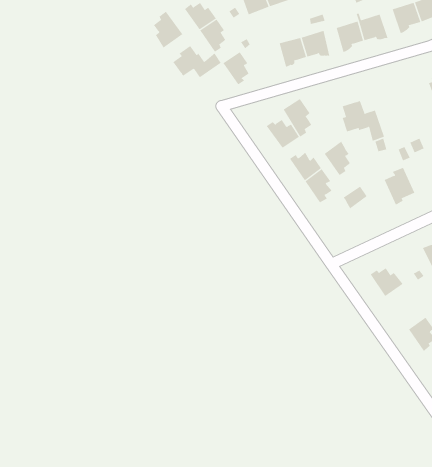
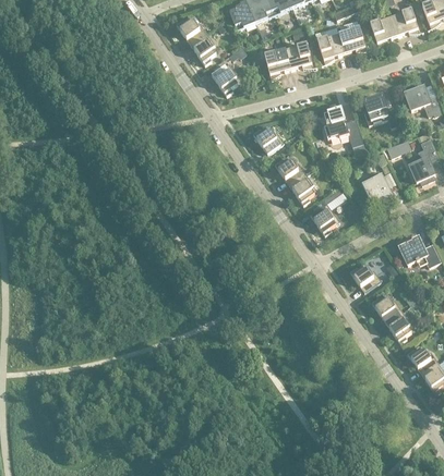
building: [153,11,183,49] -> none
building: [172,45,222,78] -> none
building: none -> [363,95,398,126]
building: [283,98,312,138] -> none
building: [324,141,351,176] -> [310,202,335,234]
building: none -> [371,294,401,321]

